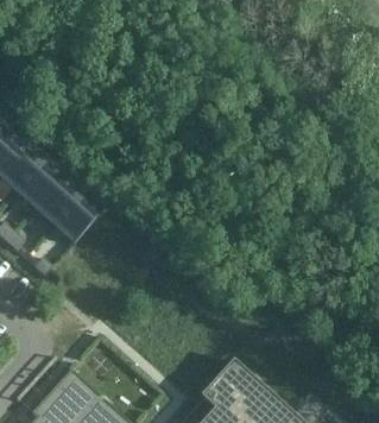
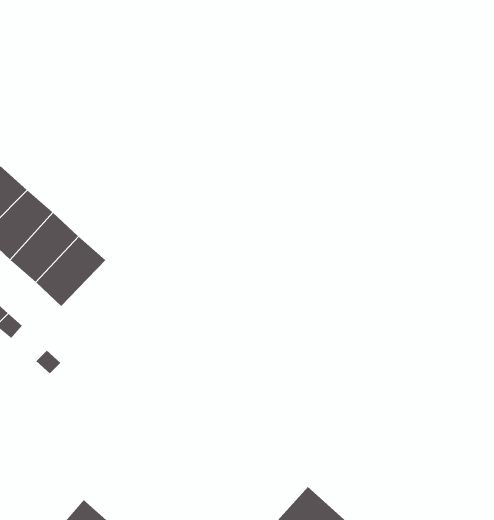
building: [53,194,106,246] -> none

